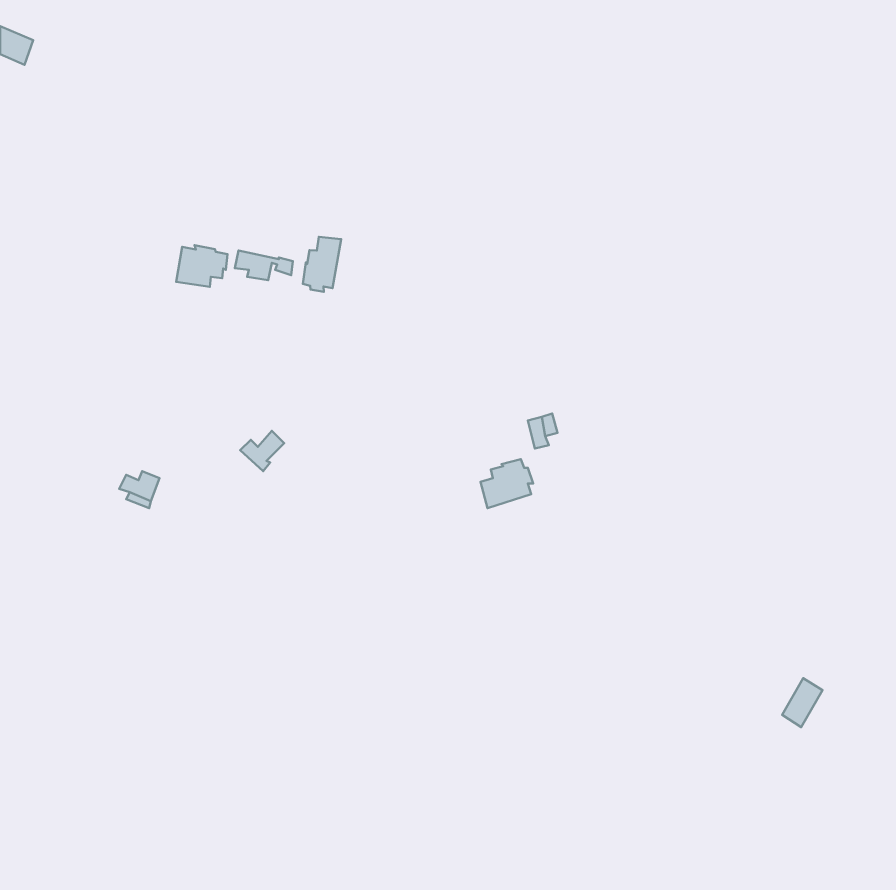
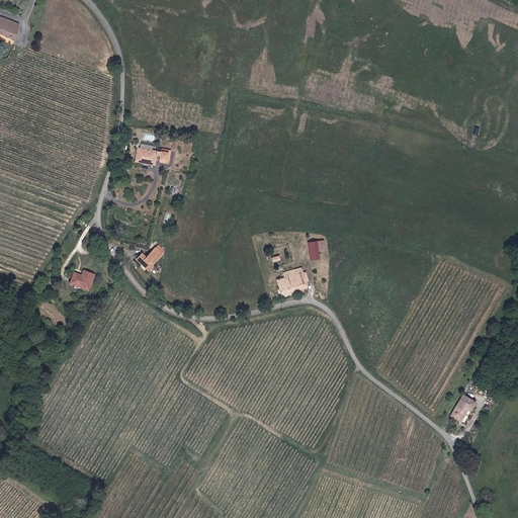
building: [303,237,341,292] -> none
building: [176,245,227,287] -> none

